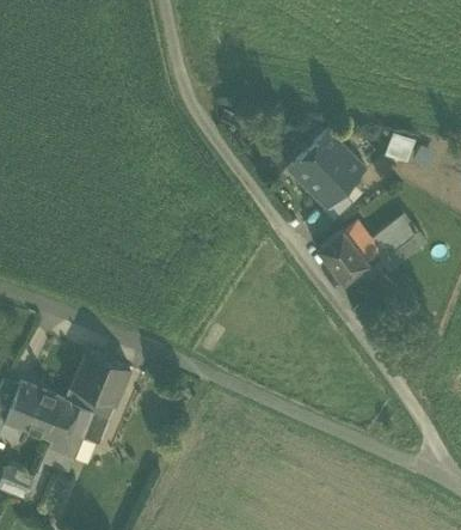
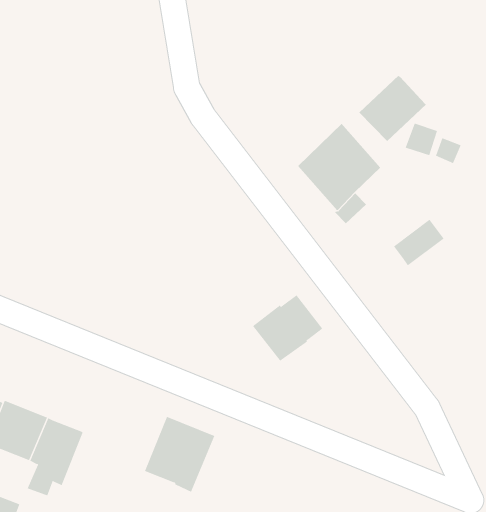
building: none -> [358,75,427,142]
building: [316,220,381,281] -> [252,294,323,362]
building: [64,349,129,419] -> [144,416,215,492]

